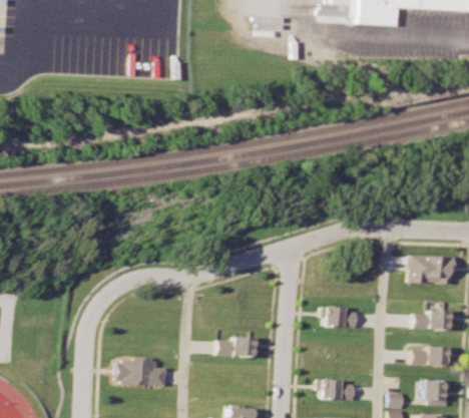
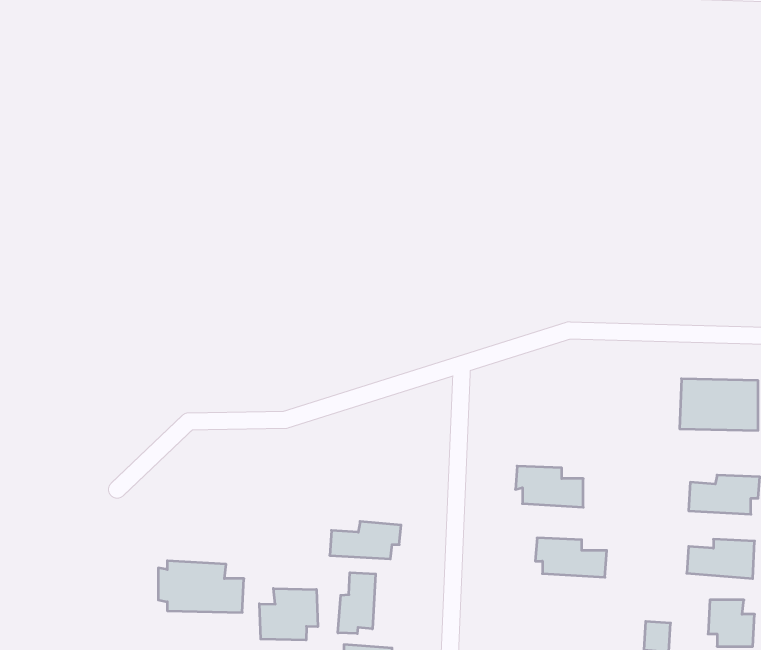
building: none -> [338,573,376,634]
building: none -> [259,588,318,640]
building: [313,377,353,399] -> [535,538,607,577]

